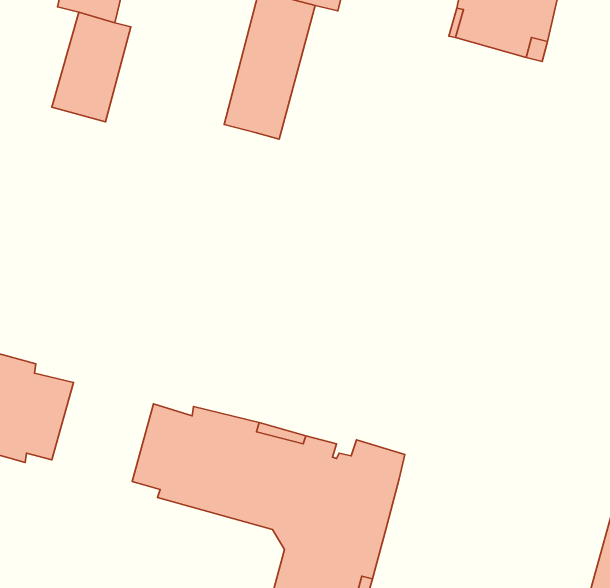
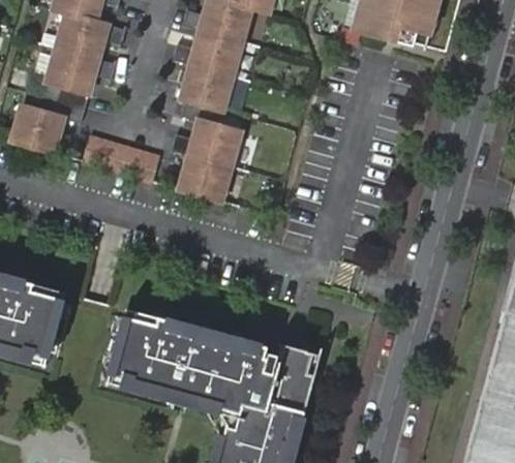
building: none -> [12,106,65,152]
building: none -> [180,119,242,200]
building: none -> [83,134,161,183]

